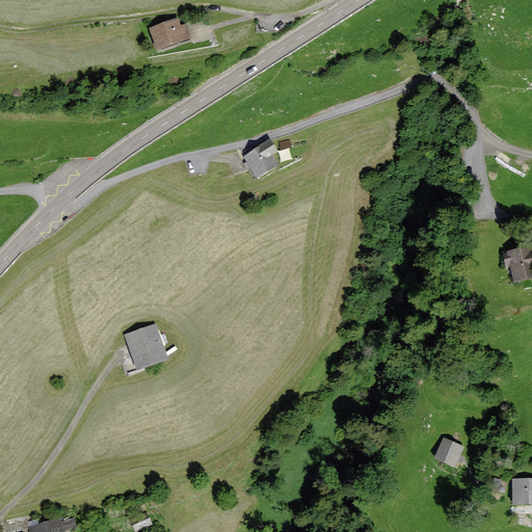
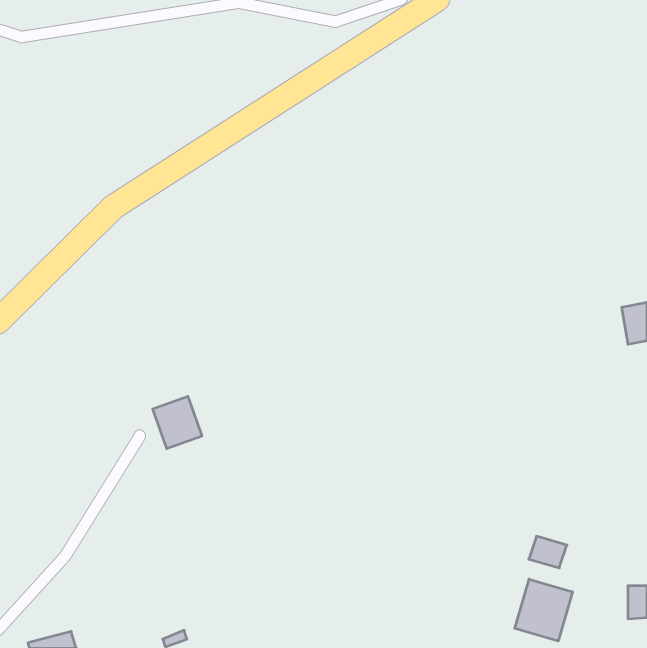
building: [152,21,189,50] -> none
building: [243,142,276,179] -> none
building: none -> [515,579,572,641]

